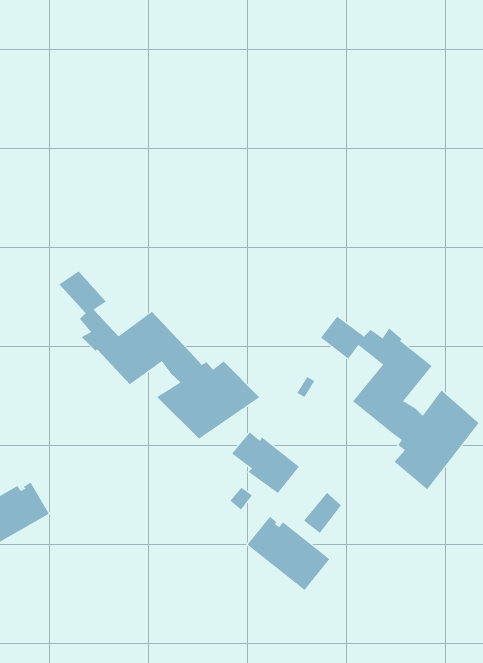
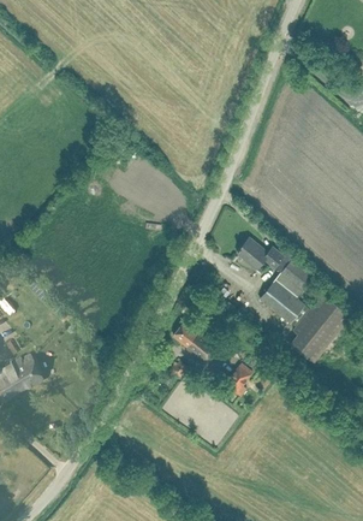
building: [59,271,260,439] -> none
building: [247,516,330,591] -> none

